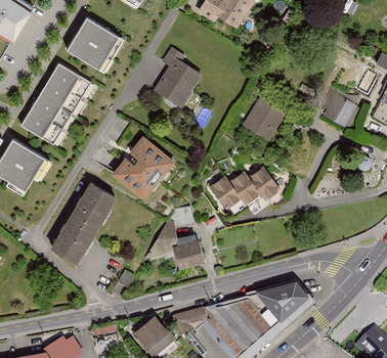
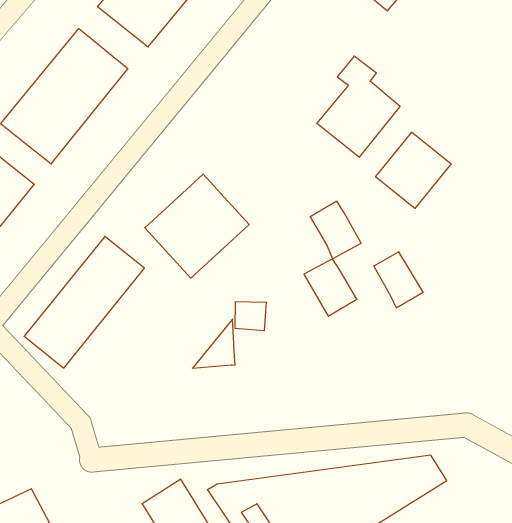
building: [154,49,201,107] -> [317,56,400,157]
building: [229,171,261,205] -> [310,201,361,259]
building: [174,236,203,269] -> none

